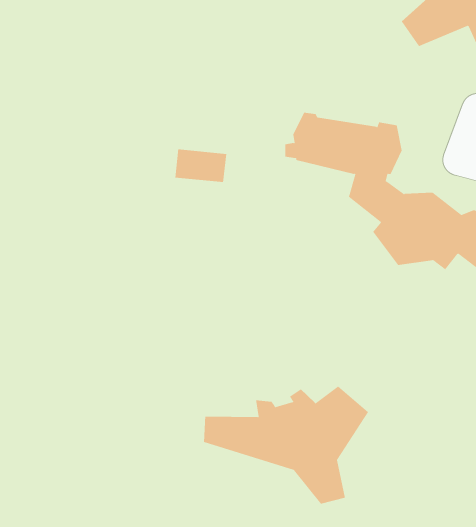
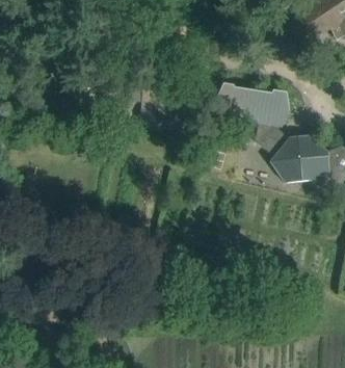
building: [204,386,369,505] -> none

